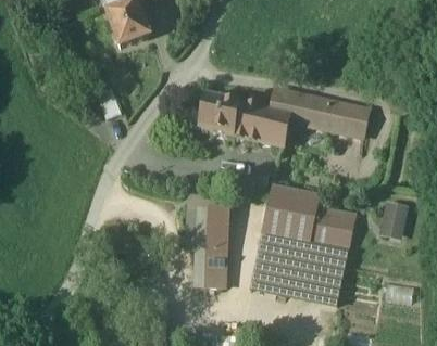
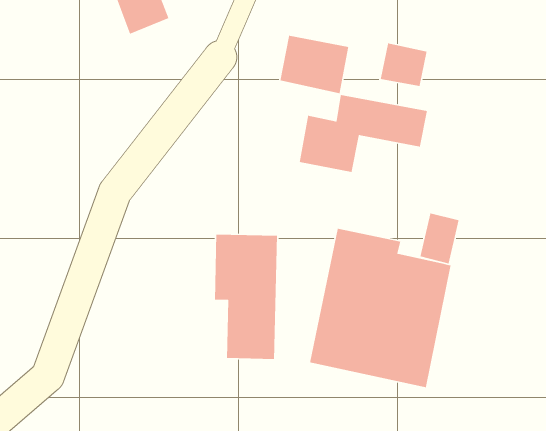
building: [200,95,251,139] -> [279,35,349,94]
building: [334,101,369,133] -> [380,42,427,87]
building: [378,198,408,236] -> [419,212,459,264]

